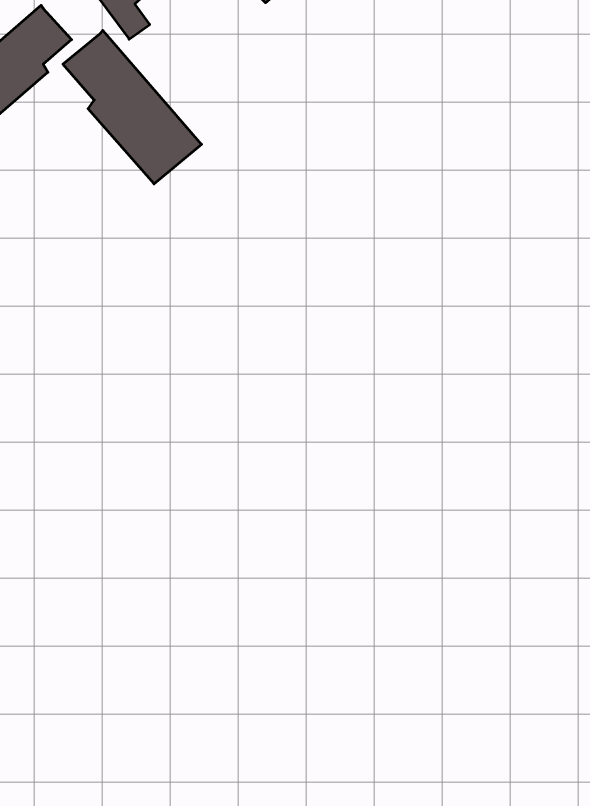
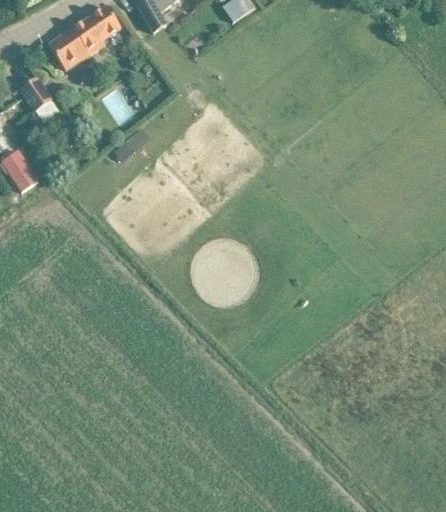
building: [63,30,202,184] -> none

